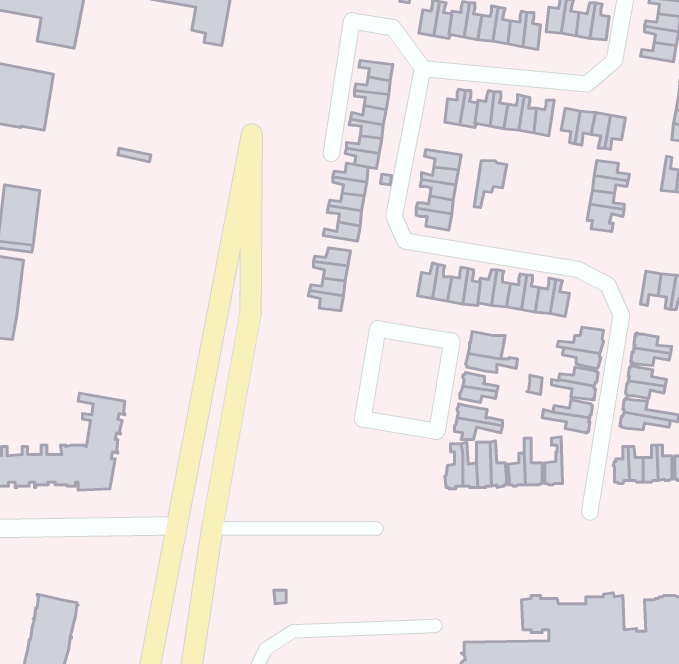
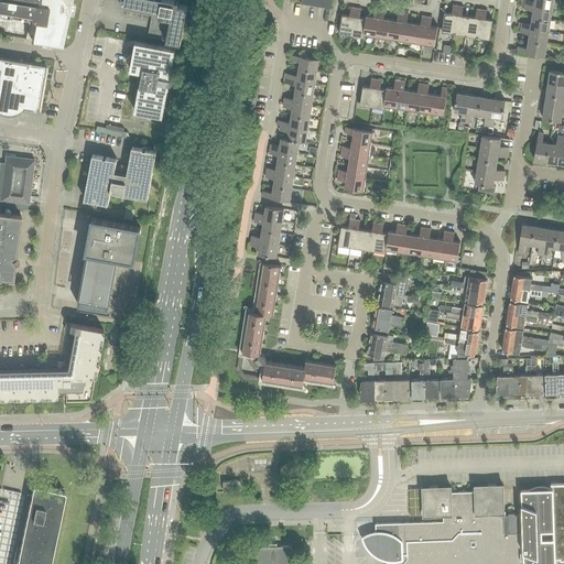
building: none -> [129,42,175,117]
building: [474,160,507,207] -> none
building: none -> [83,148,155,205]
building: none -> [77,220,140,313]
building: none -> [236,262,335,388]
building: none -> [453,359,469,397]

